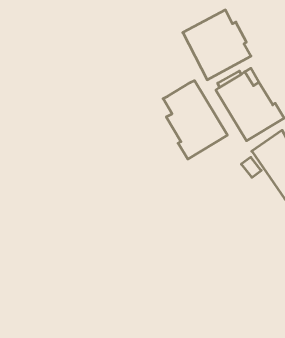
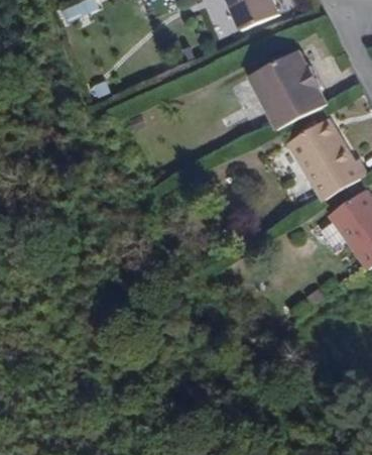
building: [163,81,227,159] -> none

